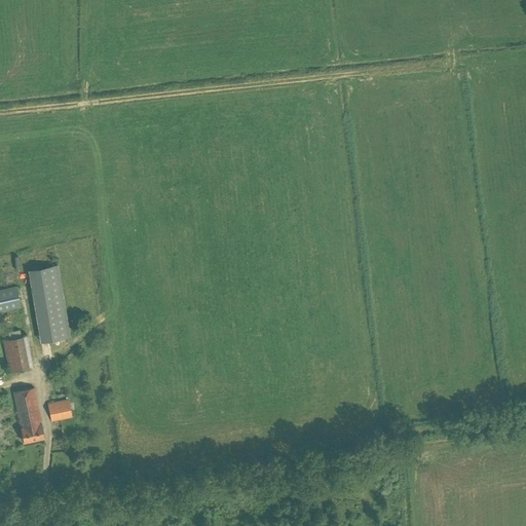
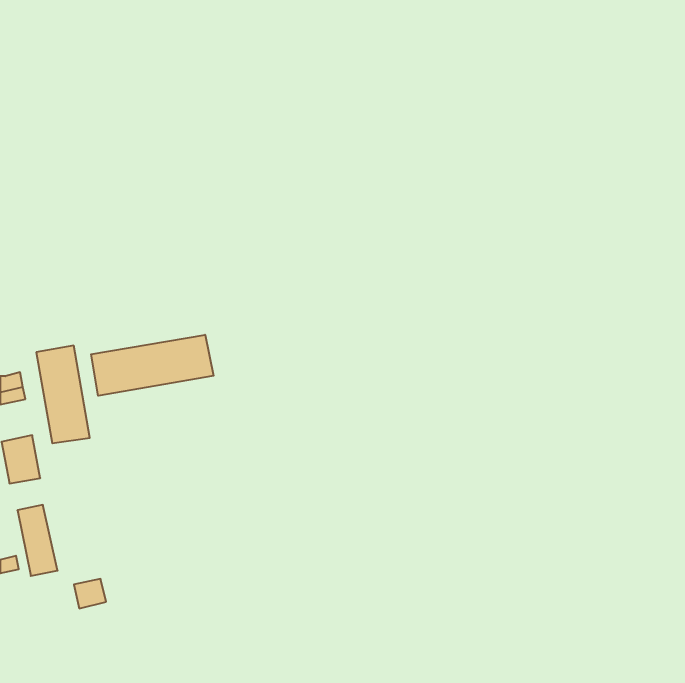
building: none -> [91,335,214,396]
building: [47,400,72,422] -> [74,579,106,608]

